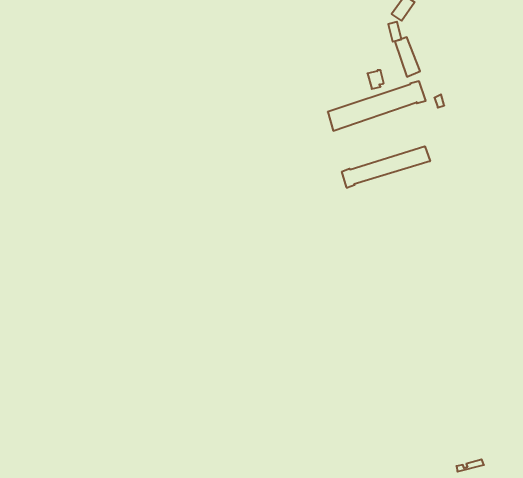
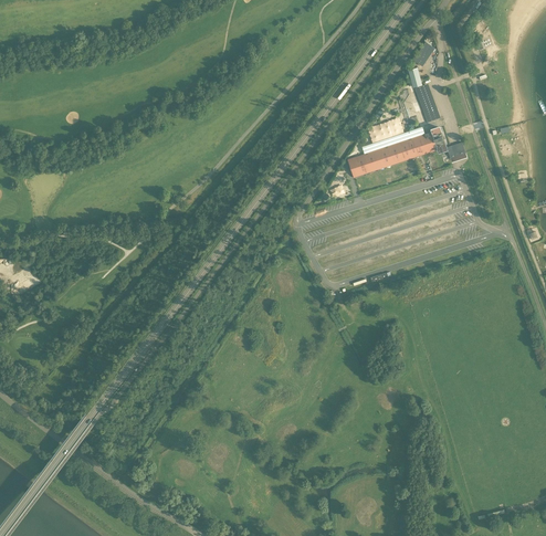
building: [342,146,430,188] -> none

